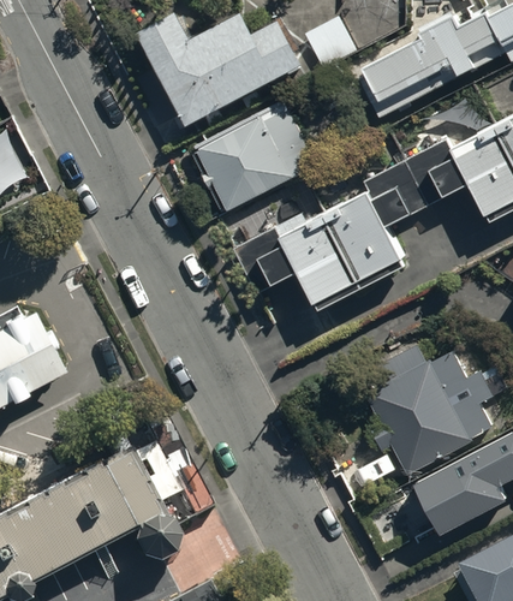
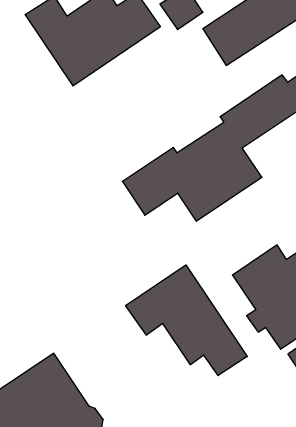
building: [187,101,314,213] -> none
building: none -> [126,265,247,376]

